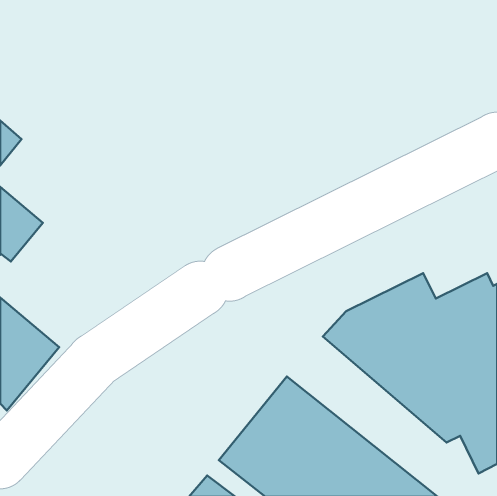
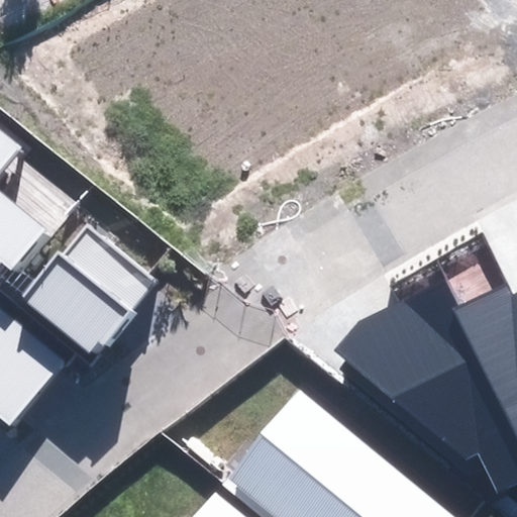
building: none -> [23,225,152,355]

